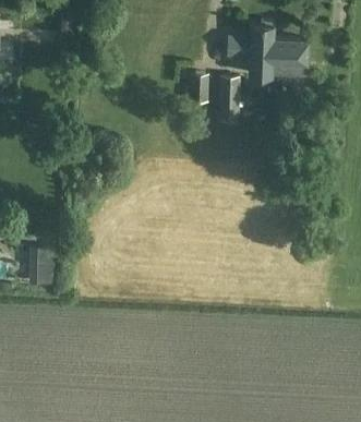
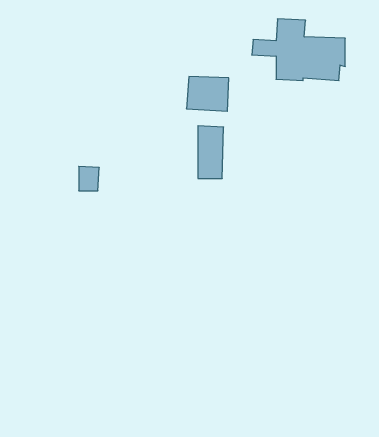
building: [219,77,241,122] -> [198,126,224,178]
building: [37,246,57,280] -> none

